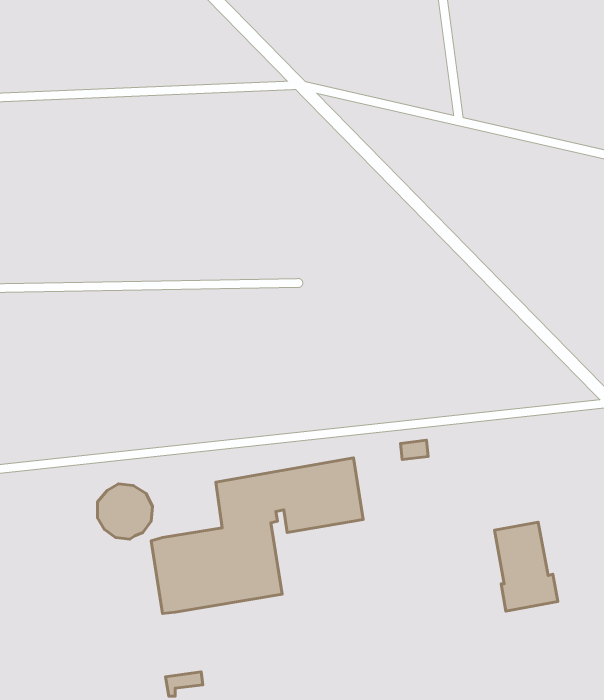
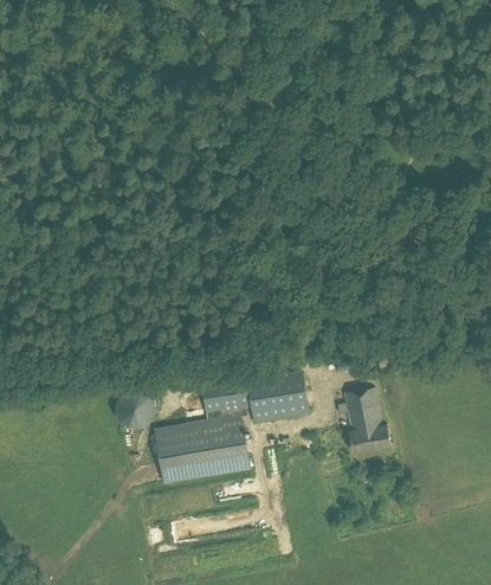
building: [495,522,558,611] -> [343,387,389,452]

